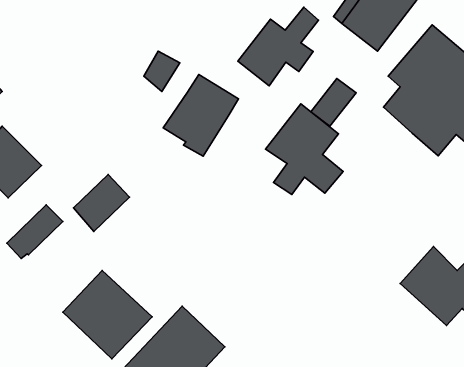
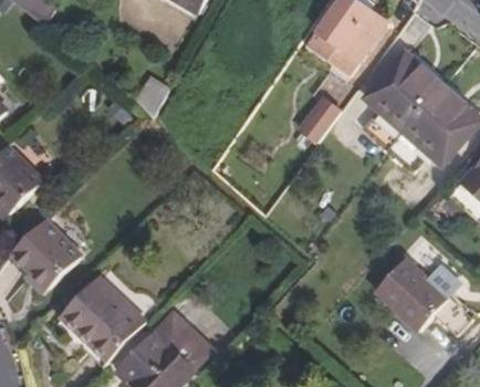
building: [238,7,319,86] -> none
building: [163,74,238,156] -> none
building: [265,104,343,195] -> none
building: [74,174,130,232] -> [30,232,82,285]

